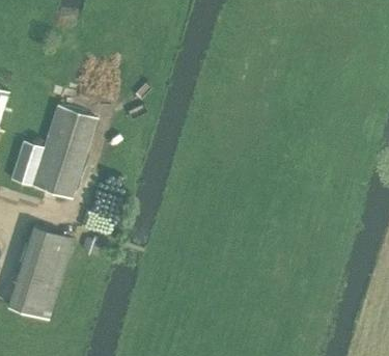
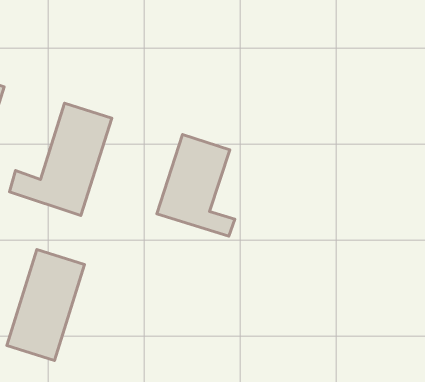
building: none -> [157,135,235,236]

